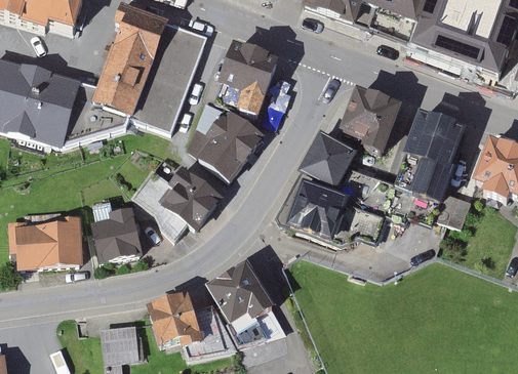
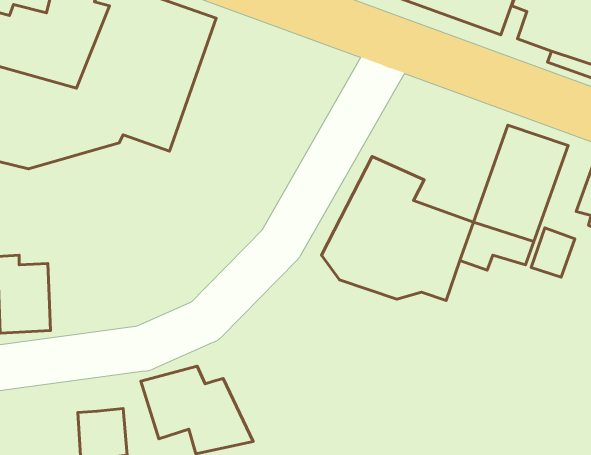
building: [213,42,281,115] -> none
building: [342,88,401,152] -> none
building: [185,102,267,179] -> none
building: [130,165,226,239] -> none
building: [91,205,140,260] -> none
building: [210,261,288,343] -> none

